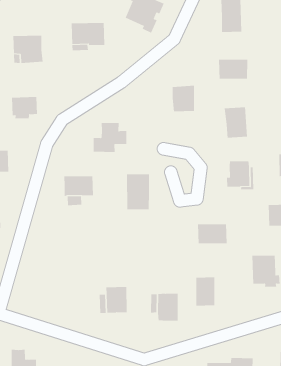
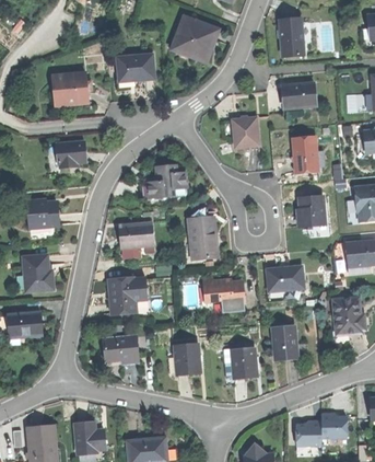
building: none -> [108,276,136,314]
building: none -> [202,278,243,303]
building: none -> [103,337,138,365]

